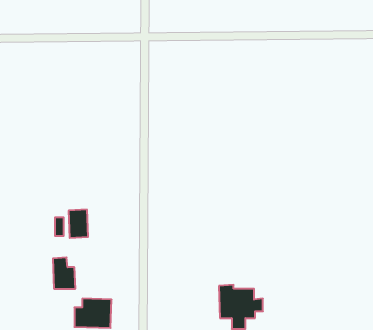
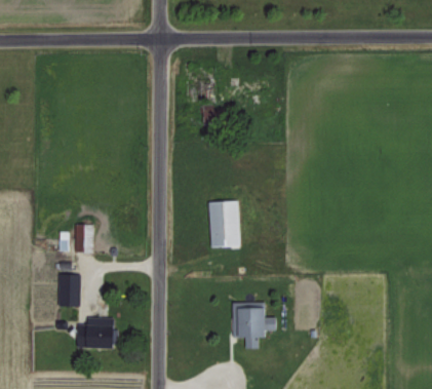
building: none -> [208,201,241,247]

